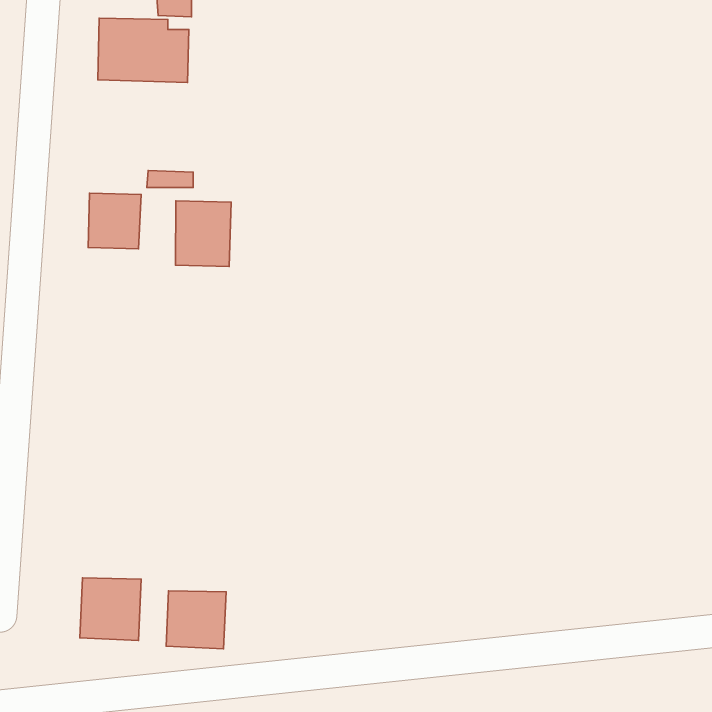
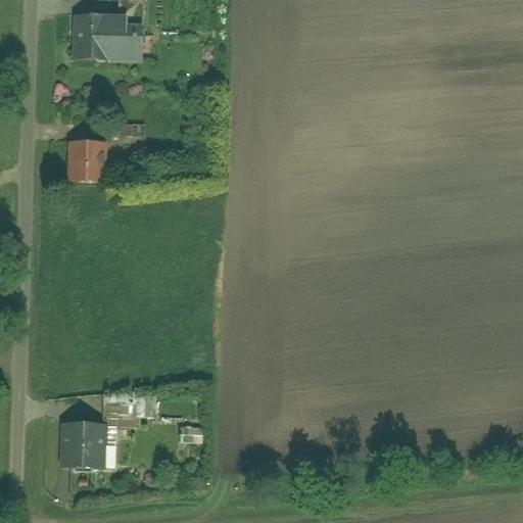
building: [175,201,231,267] -> none
building: [166,591,226,649] -> none

